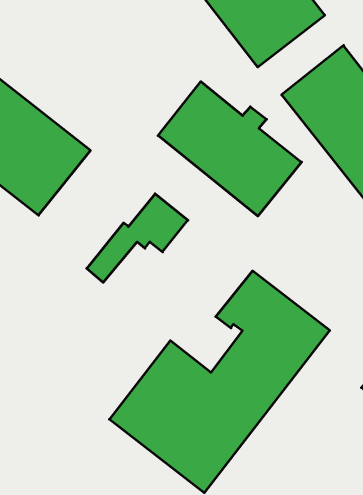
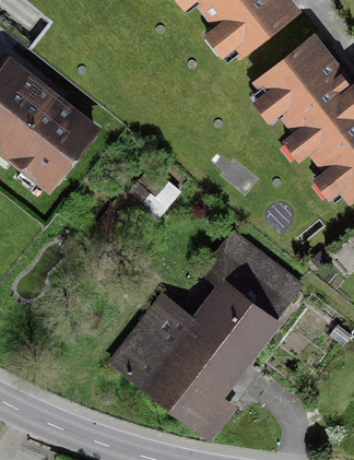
building: [158,82,302,216] -> none

